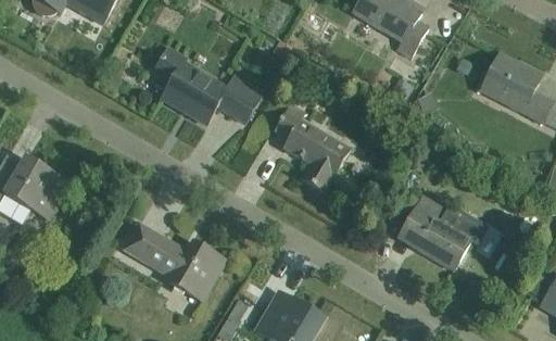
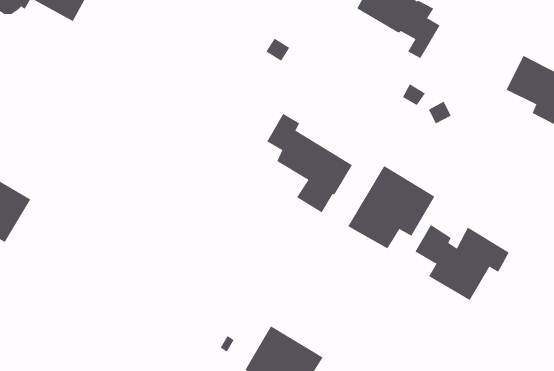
building: [152,48,263,124] -> none
building: none -> [348,165,435,249]
building: [124,223,224,300] -> none

